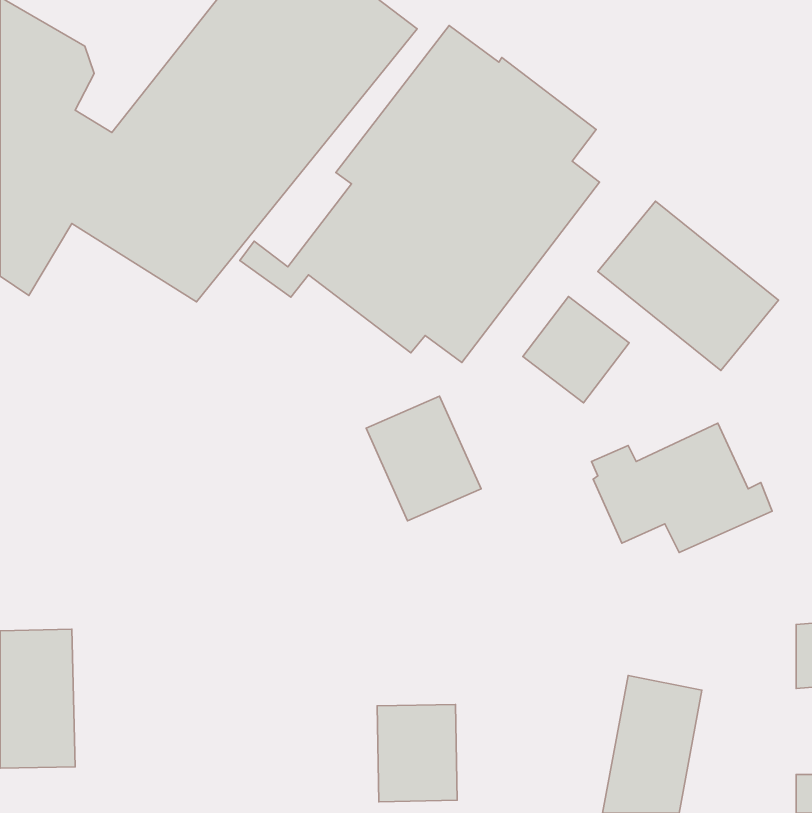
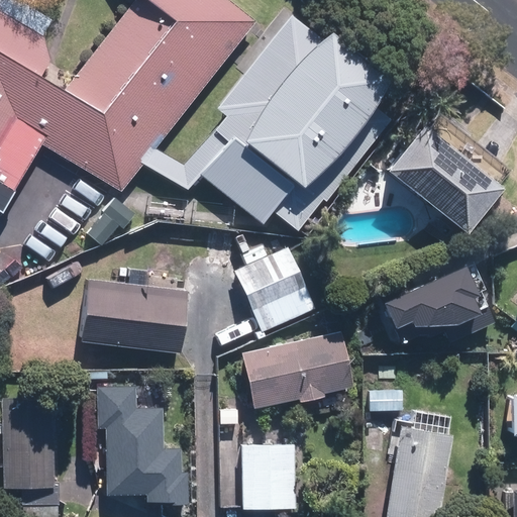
building: [523,296,629,403] -> none
building: none -> [79,279,184,352]
building: none -> [240,332,348,406]
building: none -> [102,385,191,500]

